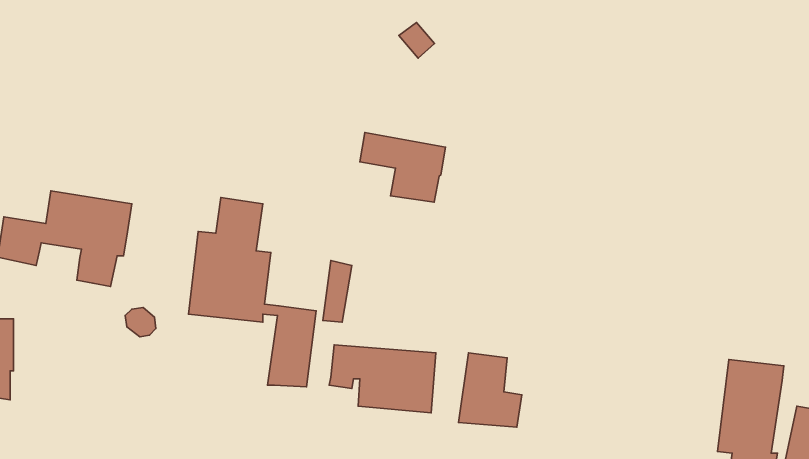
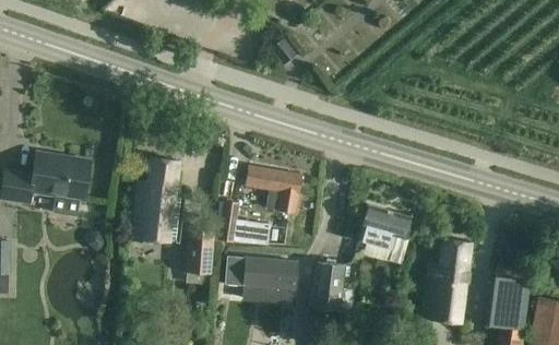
building: [360,133,446,202] -> [245,166,302,213]
building: none -> [358,205,411,261]
building: none -> [237,219,275,243]
building: none -> [423,239,472,324]

